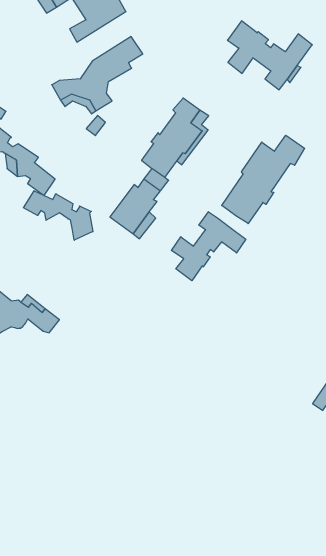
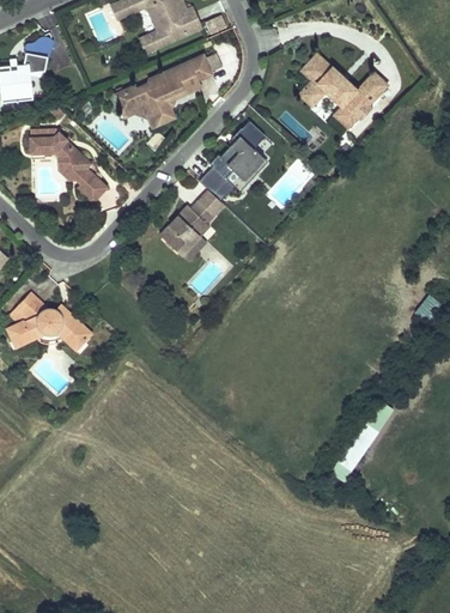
building: [222,135,305,224] -> none
building: [23,191,93,240] -> none
building: [171,212,246,281] -> none

